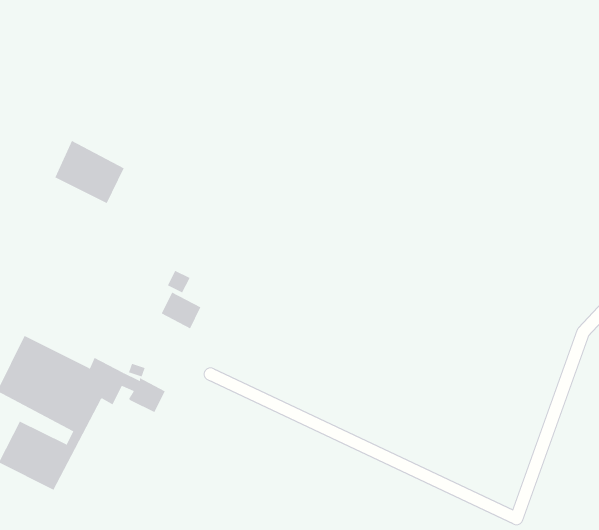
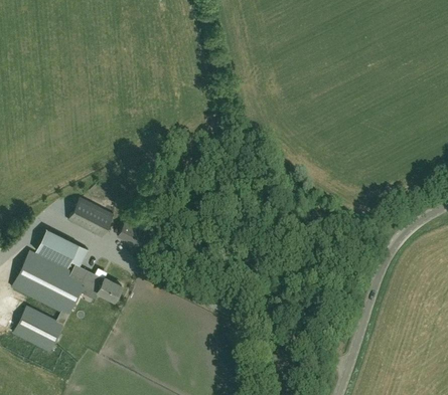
building: [54,140,124,204] -> [68,197,114,238]
building: none -> [35,229,89,268]

